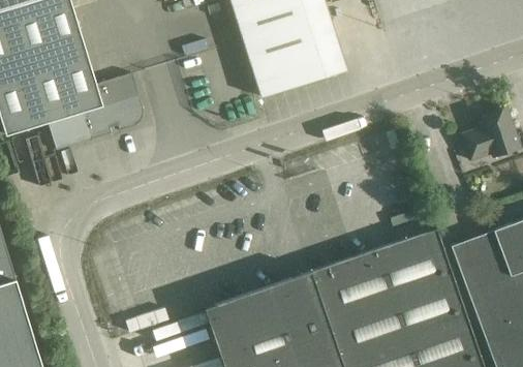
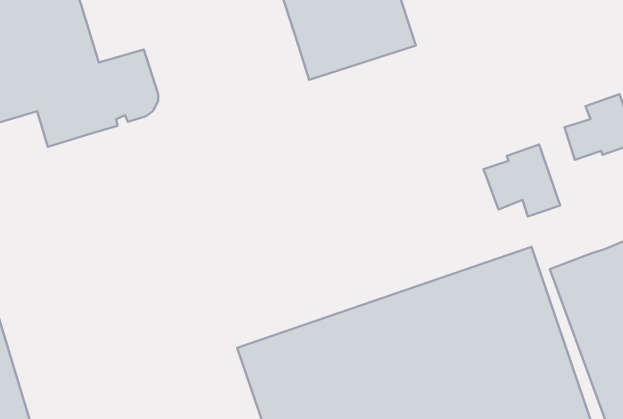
building: none -> [484,145,560,217]

